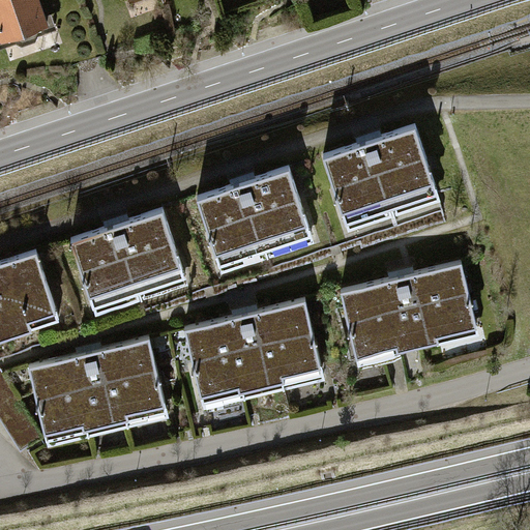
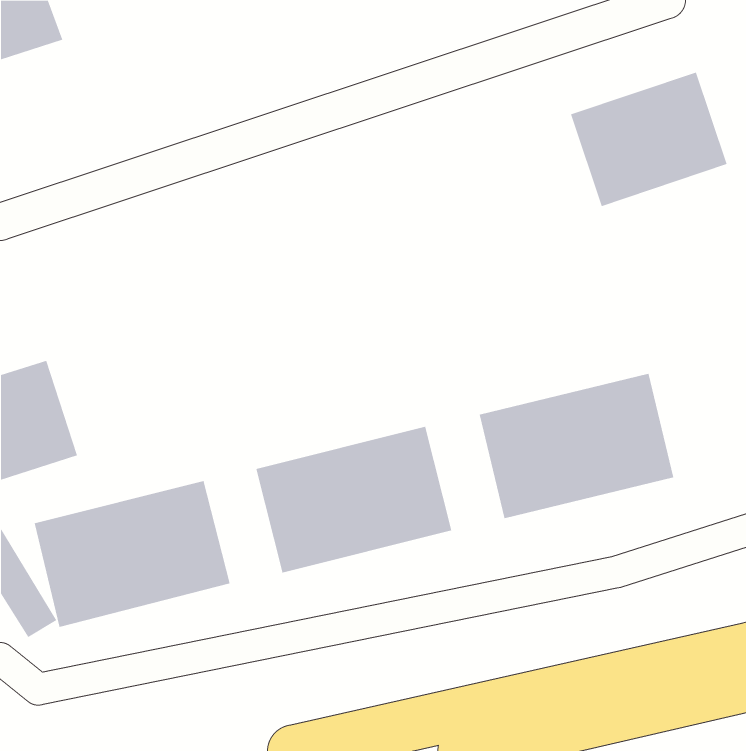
building: [325,130,436,226] -> [570,72,727,207]
building: [196,171,311,269] -> none
building: [69,213,183,310] -> none

